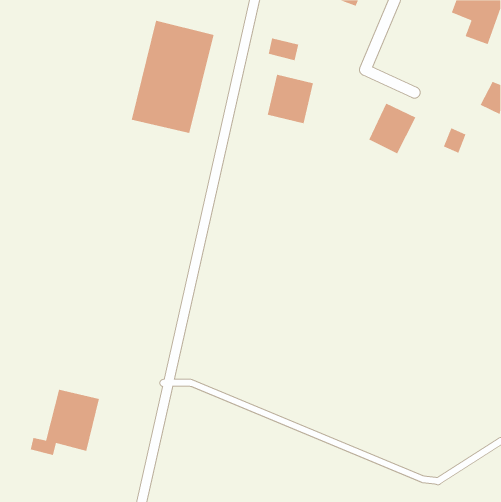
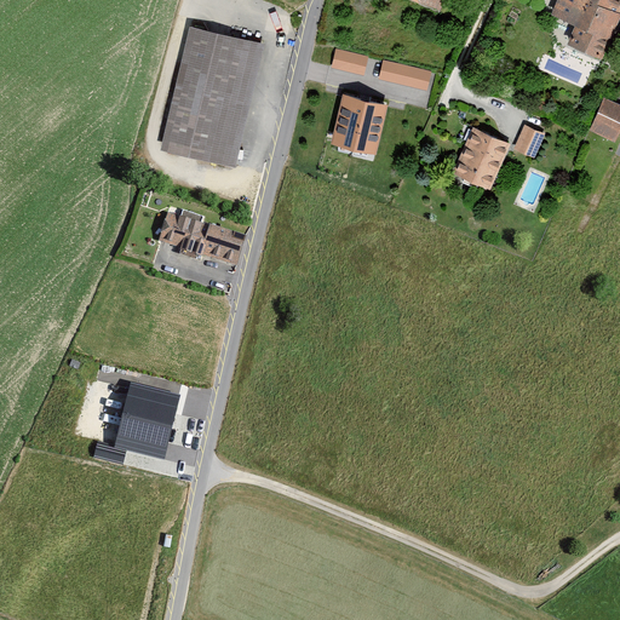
building: none -> [377,59,429,88]
building: [443,127,467,154] -> [513,125,542,157]
building: none -> [157,213,246,266]
building: [30,389,100,456] -> [92,381,178,464]

